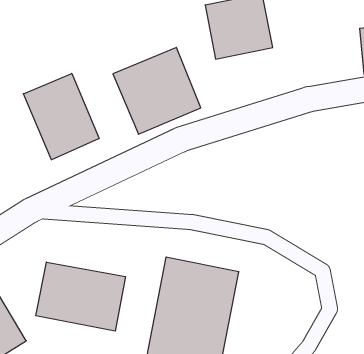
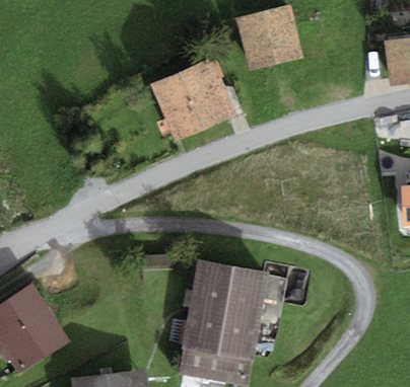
building: [23,73,99,160] -> none
building: [36,262,125,331] -> none

